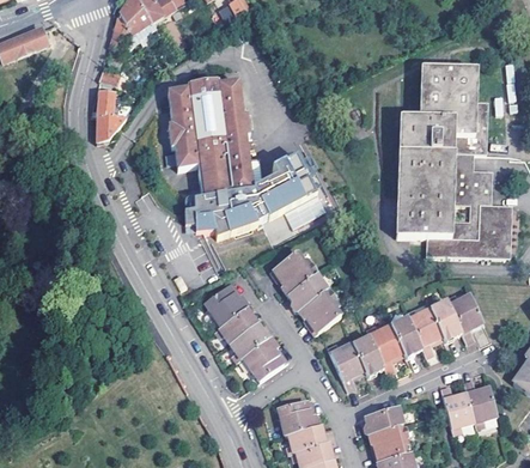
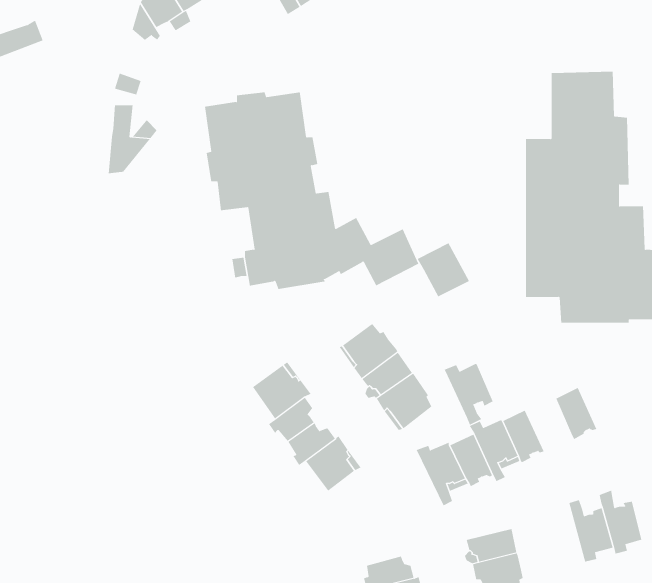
building: [276,156,316,196] -> [417,243,470,297]
building: [446,297,482,342] -> none
building: [404,310,441,357] -> [444,363,493,426]
building: [278,401,317,436] -> none

